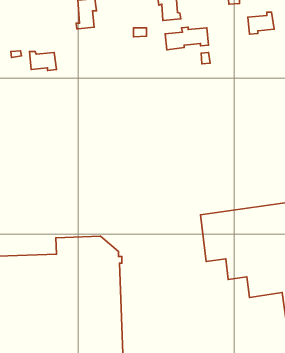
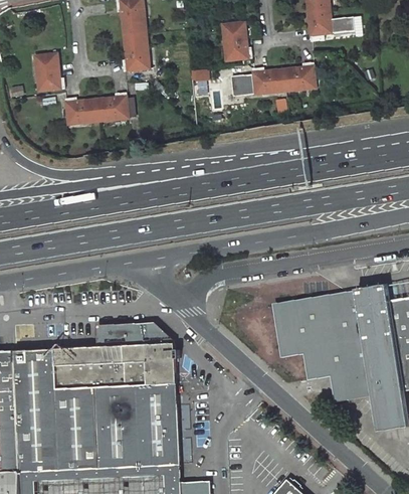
building: [248,12,274,34] -> [282,63,315,91]
building: none -> [34,53,63,91]
building: none -> [94,93,127,121]

